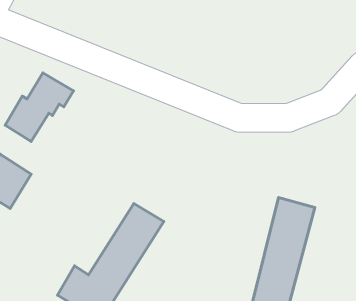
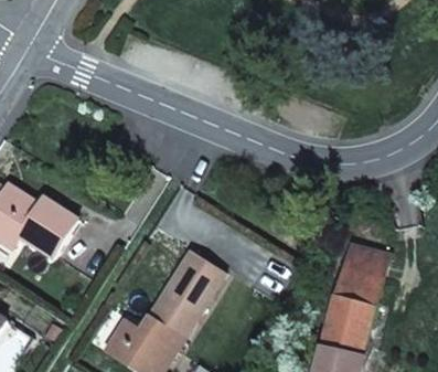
building: [5,73,73,141] -> none

